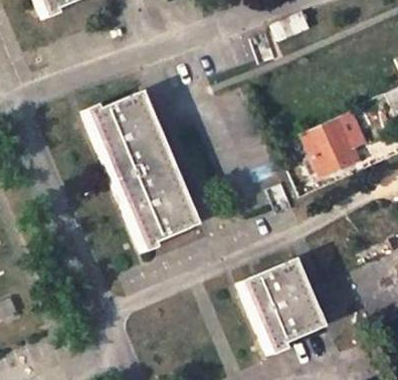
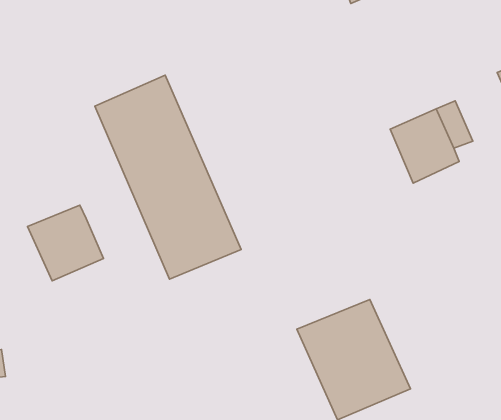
building: none -> [28,205,103,281]

